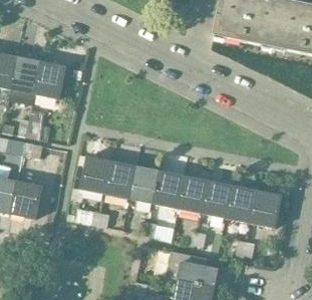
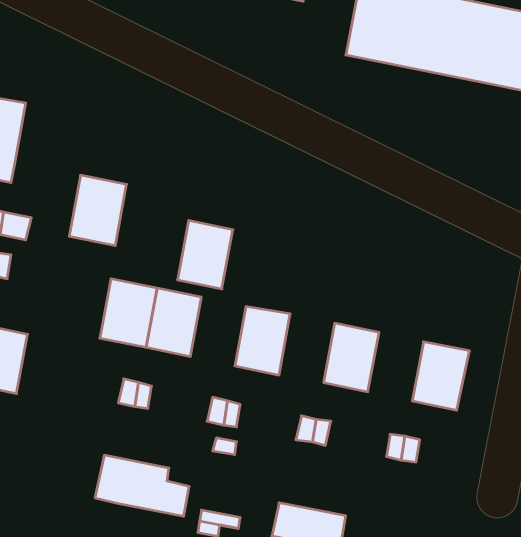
building: [35,61,66,99] -> [69,175,127,246]
building: [130,167,161,204] -> [177,220,233,289]
building: [179,176,209,213] -> none
building: [227,186,257,223] -> none
building: [167,252,218,285] -> [95,455,189,516]

